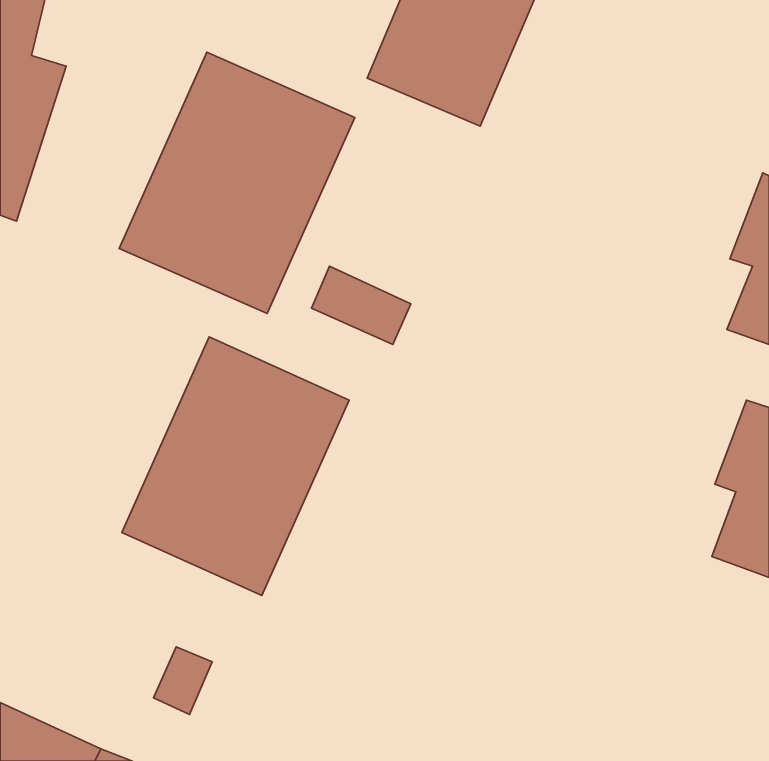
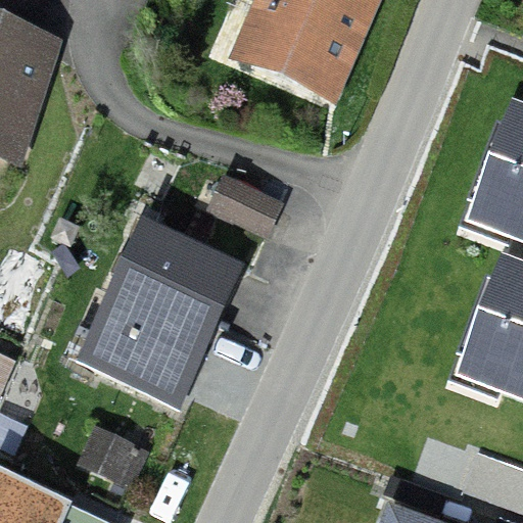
building: [119,52,355,314] -> none

